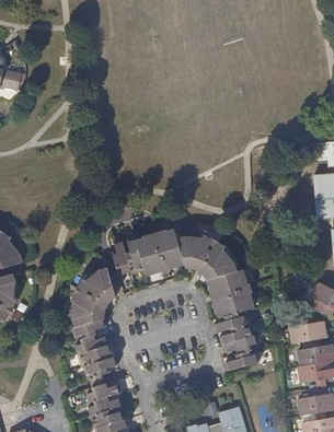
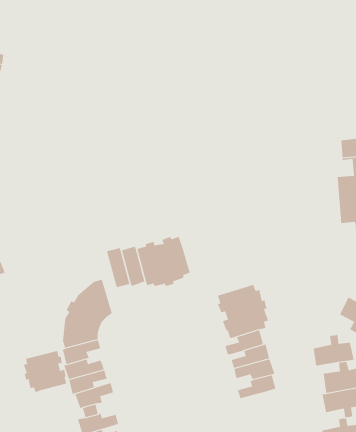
building: [177,237,235,281] -> none
building: none -> [23,350,67,393]

